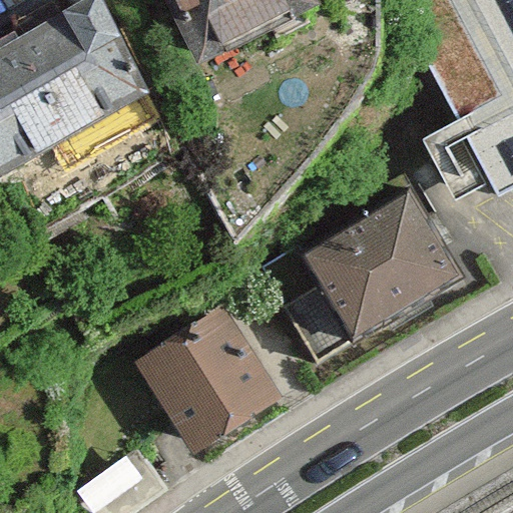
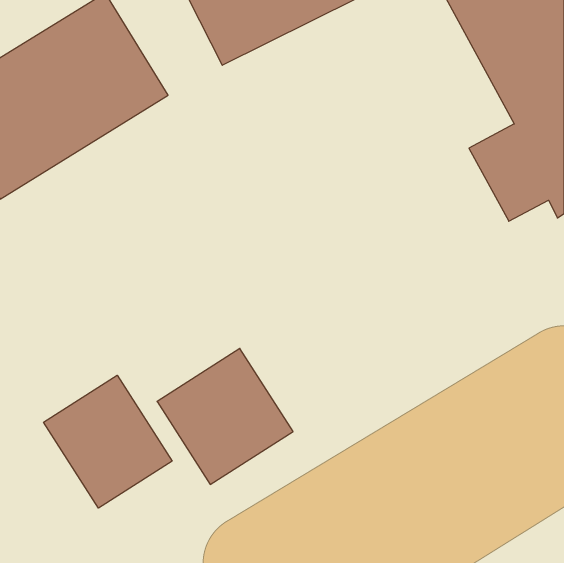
building: [280,188,458,357] -> none
building: none -> [44,375,172,508]

